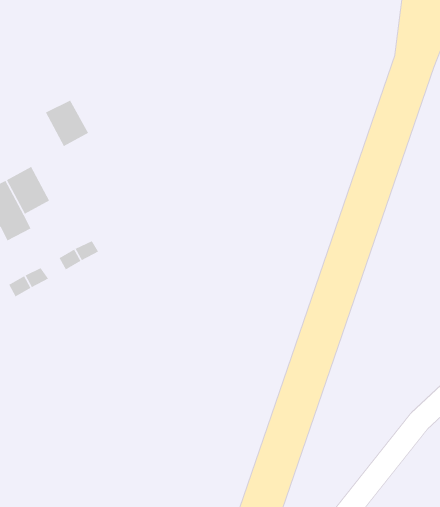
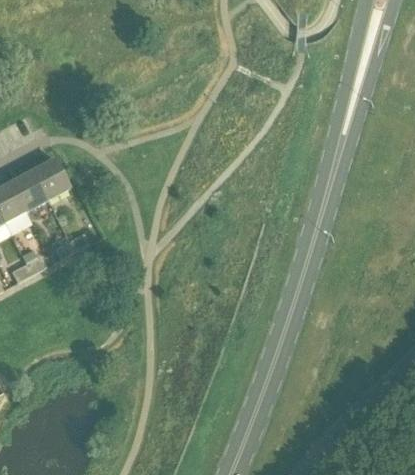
building: [45,99,89,147] -> [31,158,69,199]

